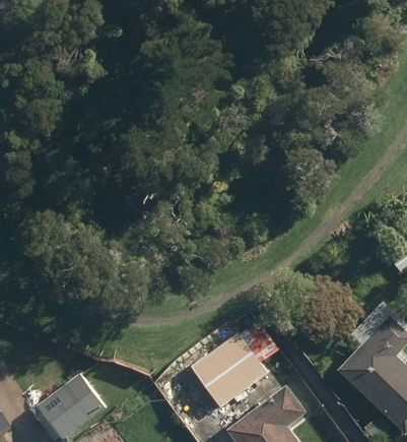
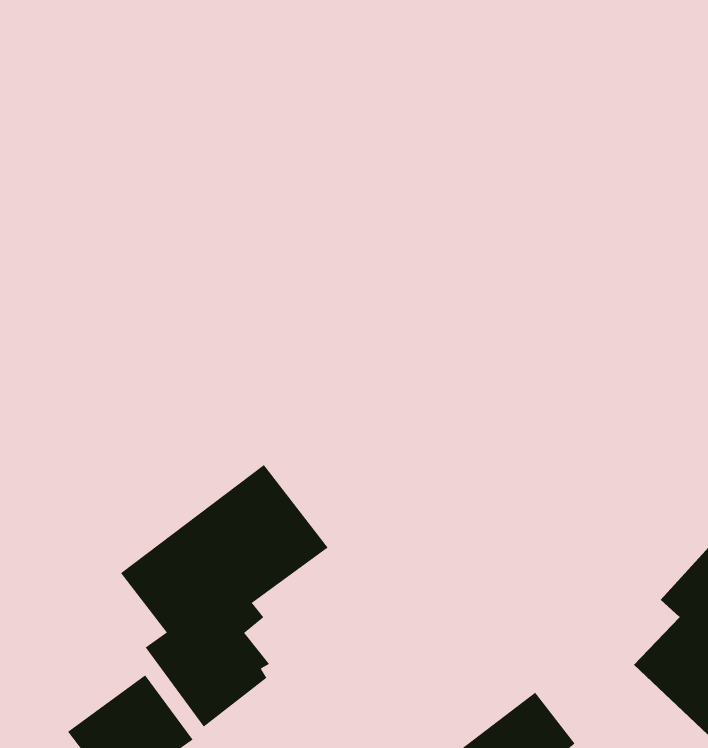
building: none -> [120,464,329,728]
building: [193,332,268,407] -> none

